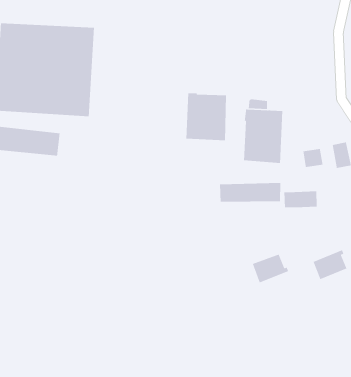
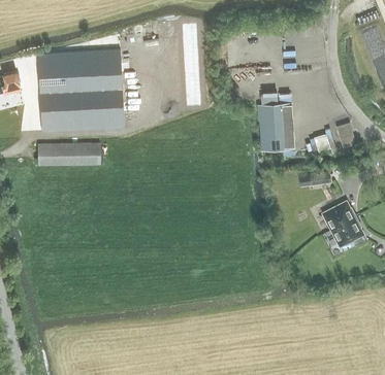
building: [186,92,227,141] -> none
building: [219,182,281,203] -> none
building: [252,254,289,283] -> [323,203,356,231]

